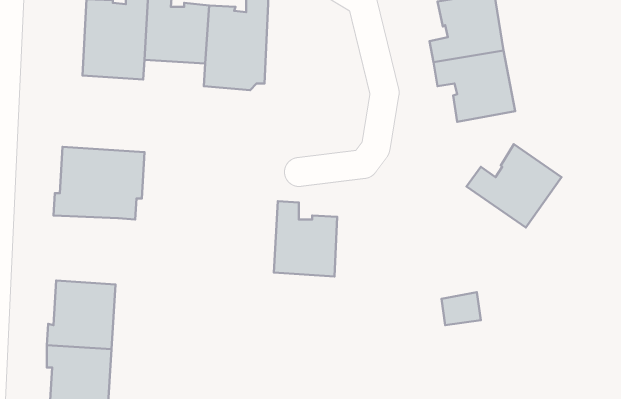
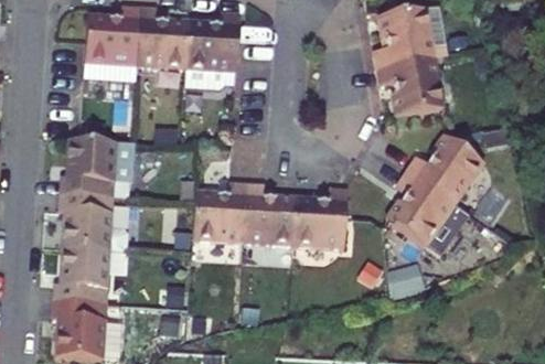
building: none -> [387,172,455,247]
building: none -> [193,183,247,244]
building: none -> [295,190,349,250]
building: none -> [60,196,129,254]

